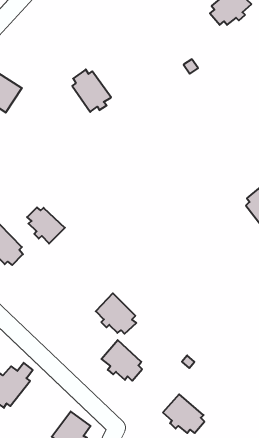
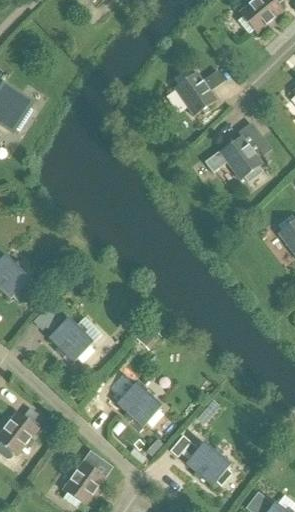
building: [72,69,111,112] -> [173,68,216,115]
building: none -> [219,121,272,181]
building: [27,207,65,244] -> none
building: [96,293,136,334] -> [49,316,94,361]

